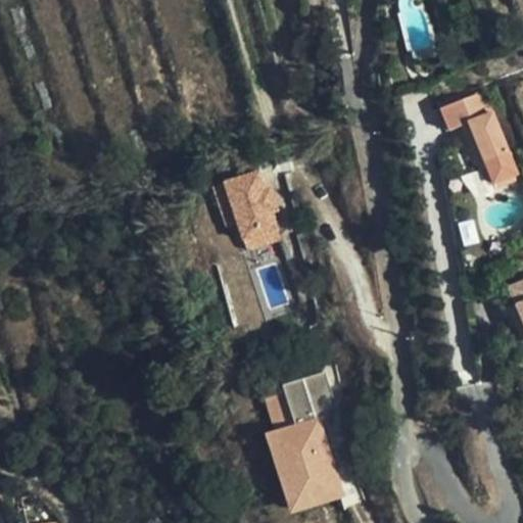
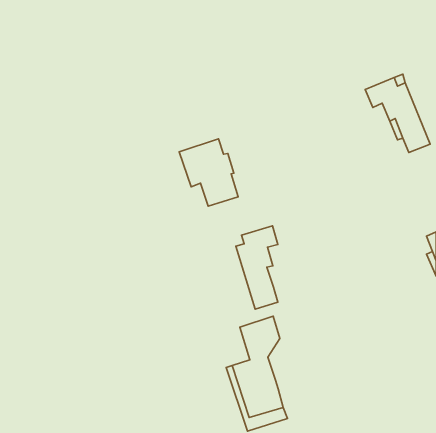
building: none -> [236,226,278,309]
building: [265,392,299,438] -> none

